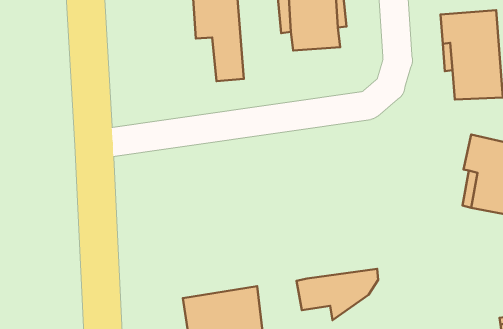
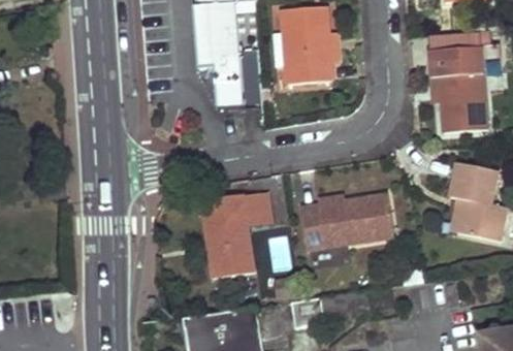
building: none -> [202,191,274,277]
building: none -> [303,194,389,249]

